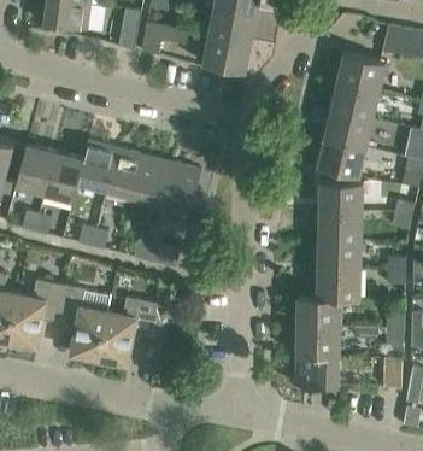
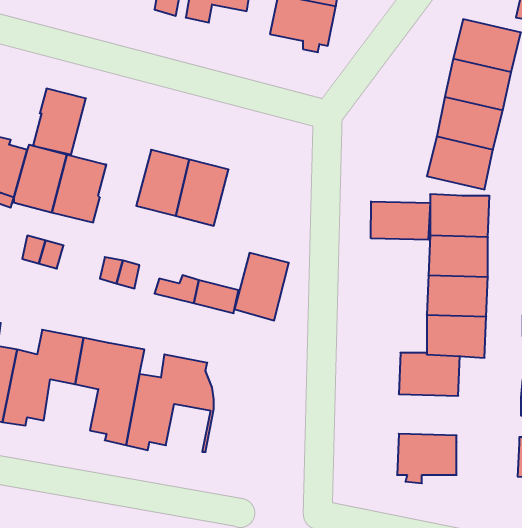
building: [77,140,116,188] -> [33,89,86,155]
building: [161,162,201,211] -> [234,253,289,321]
building: none -> [371,201,430,240]
building: [290,326,340,356] -> none

